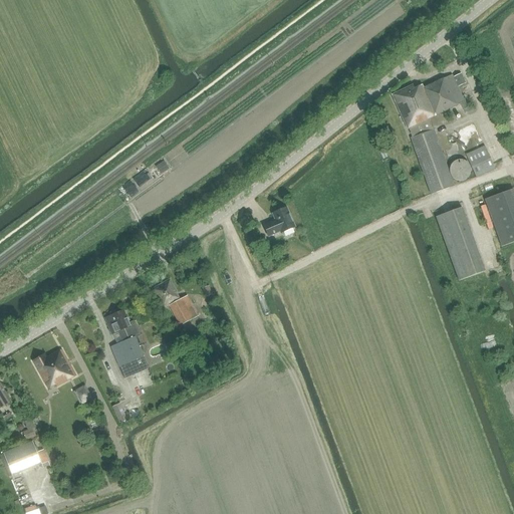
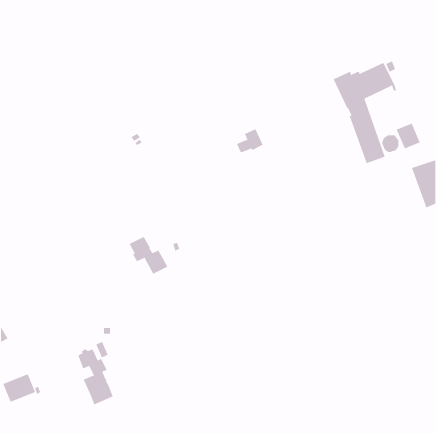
building: [263,206,295,235] -> [236,129,264,153]
building: [436,206,485,279] -> none
building: [105,309,148,375] -> [78,349,113,405]
building: [32,347,76,388] -> none

